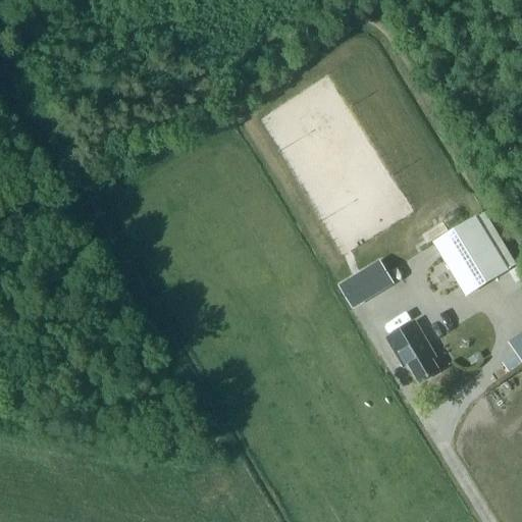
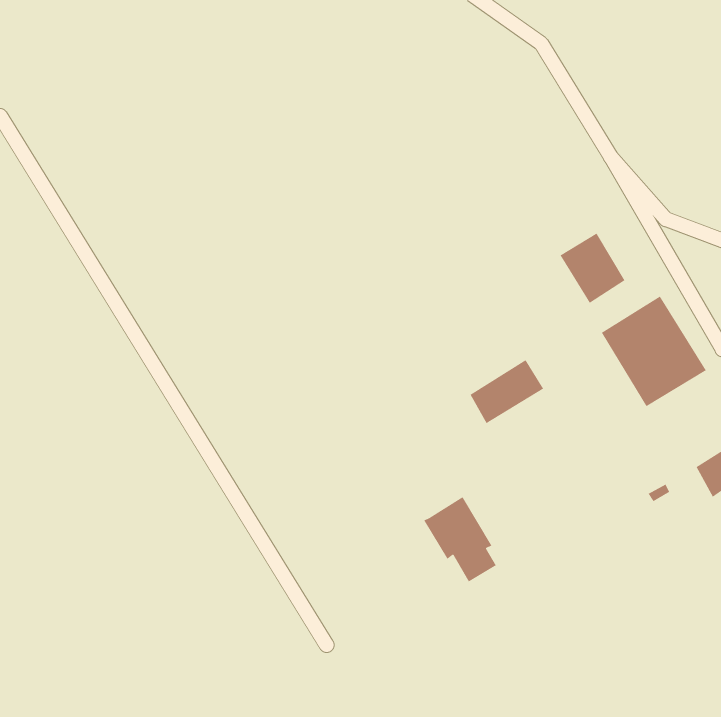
building: none -> [559,232,626,304]
building: [386,320,439,382] -> [423,496,497,582]

